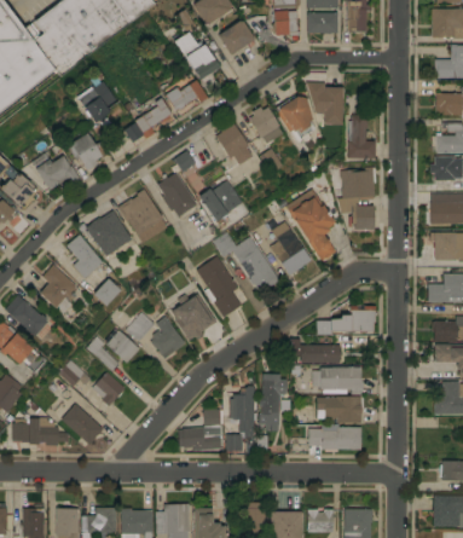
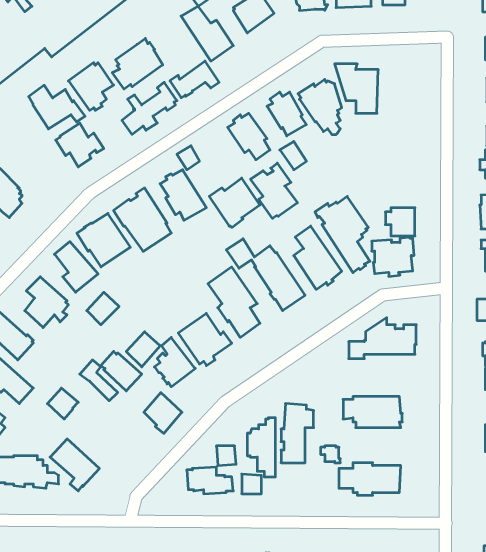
building: none -> [112,38,163,89]
building: [348,115,376,158] -> none
building: [31,152,80,190] -> [29,85,85,129]
building: [341,167,377,201] -> [372,237,414,276]
building: none -> [251,163,297,218]
building: [291,339,343,366] -> none
building: [93,371,126,406] -> [144,393,182,433]
building: [318,397,363,423] -> none

